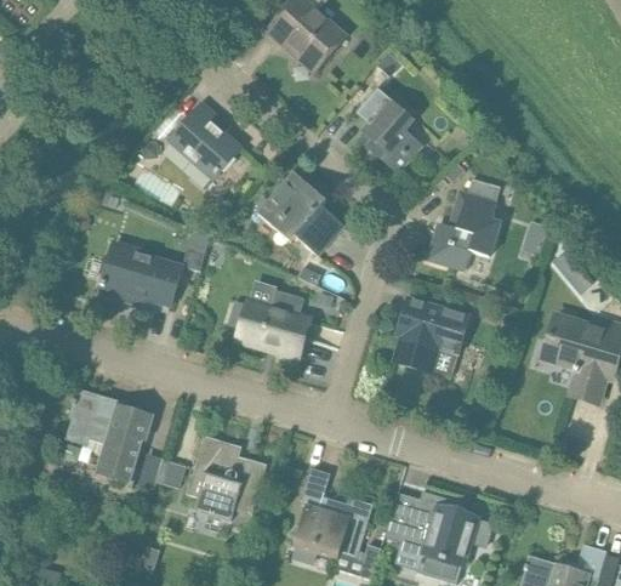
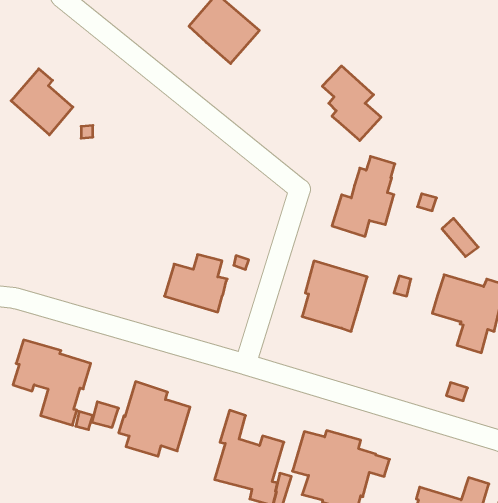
building: [355,87,422,172] -> [322,66,381,141]
building: [170,103,240,178] -> [11,69,73,135]
building: [257,170,344,255] -> none
building: [98,244,182,305] -> none

